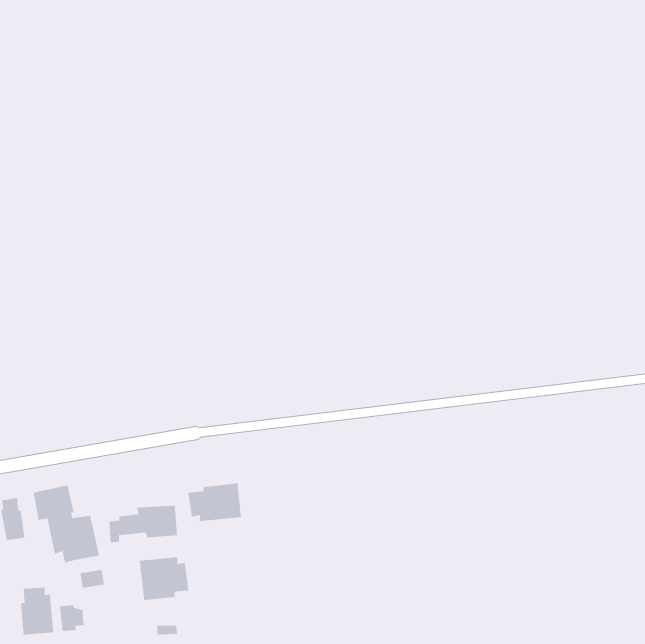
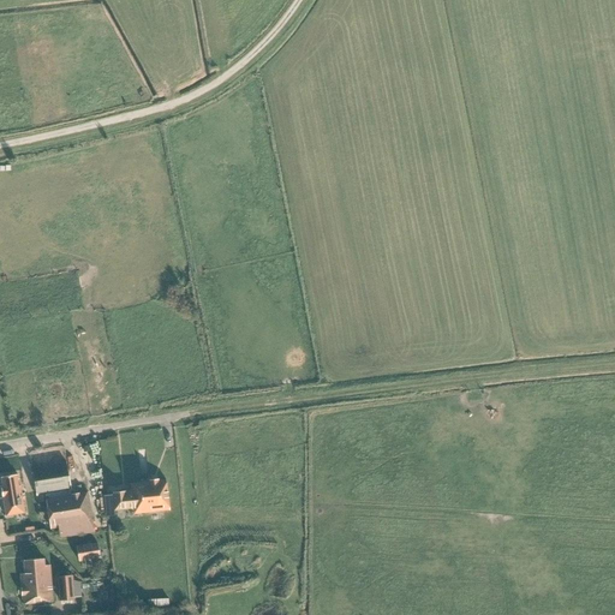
building: [188,483,242,522] -> none
building: [139,557,189,601] -> none

